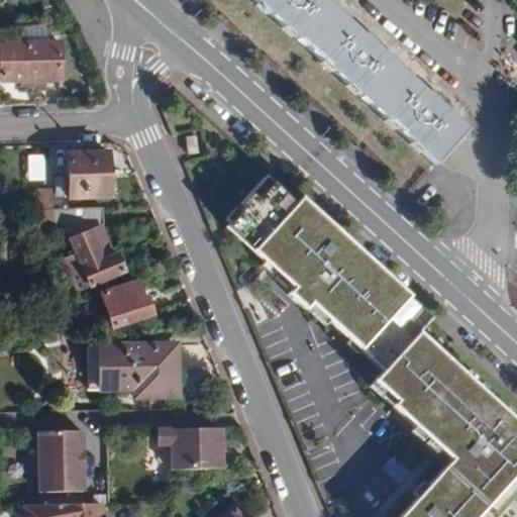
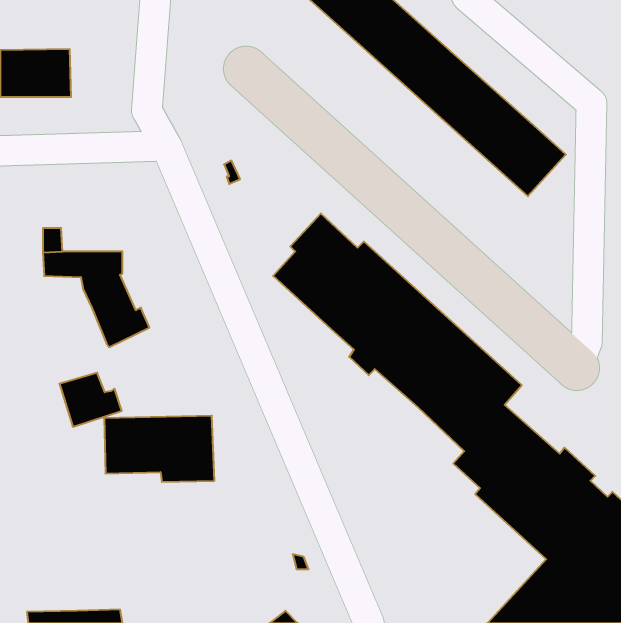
building: [71,151,112,197] -> none
building: [104,283,156,327] -> [59,373,122,427]
building: [161,426,224,468] -> none
building: [41,429,87,490] -> none

